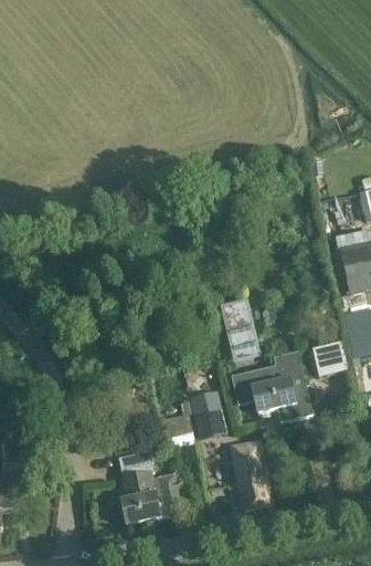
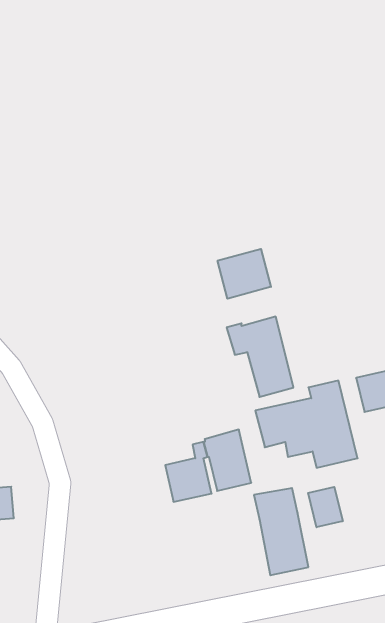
building: none -> [218,249,271,299]
building: none -> [308,487,343,527]
building: [116,451,182,524] -> none

